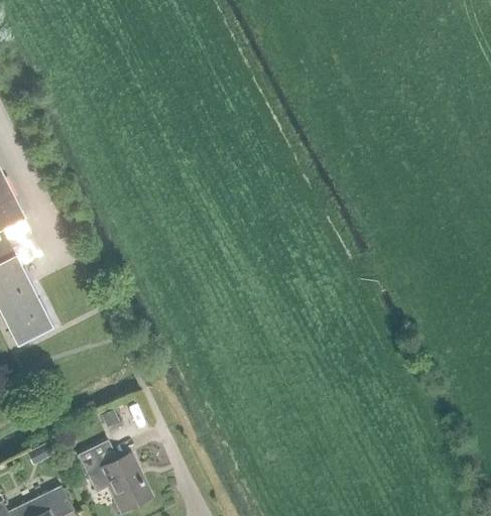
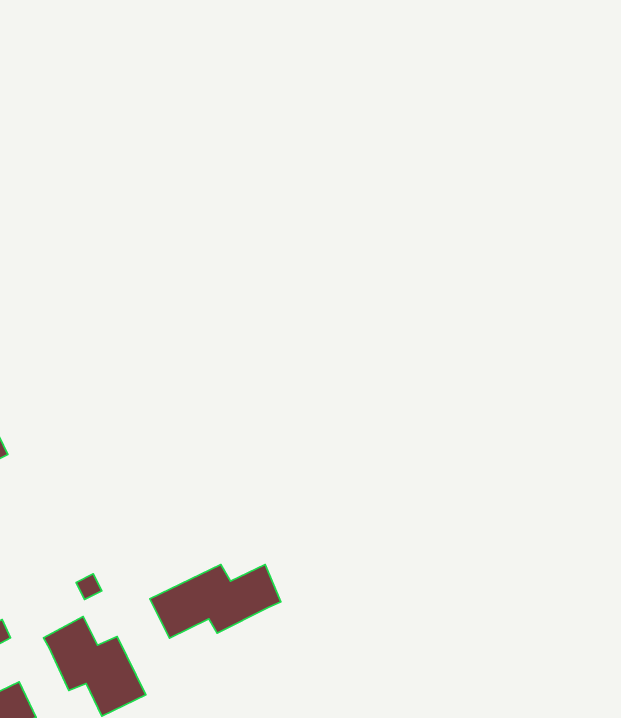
building: none -> [150,564,281,638]

